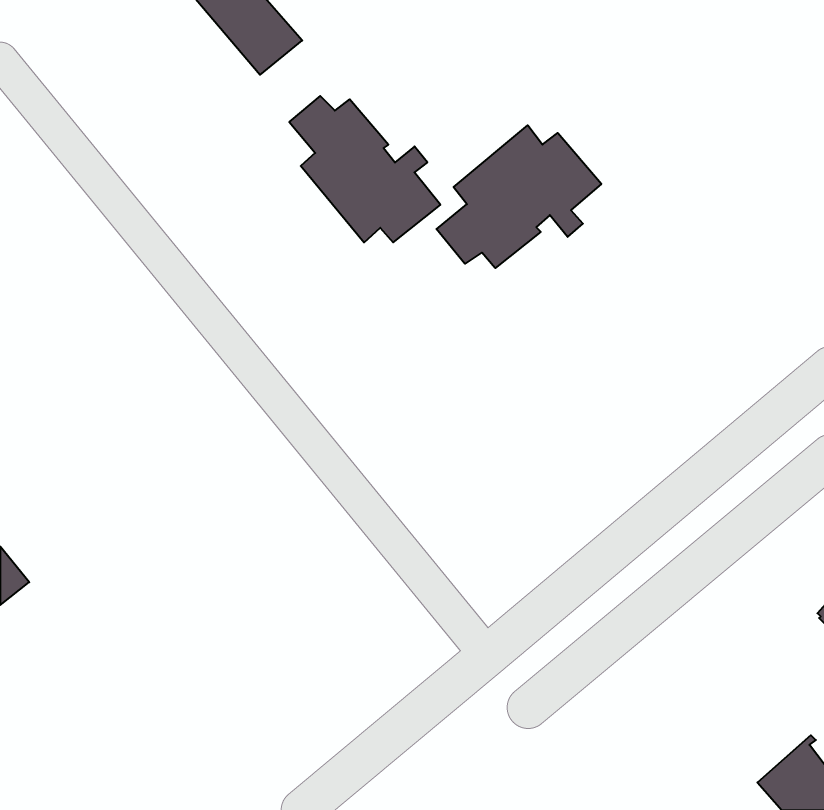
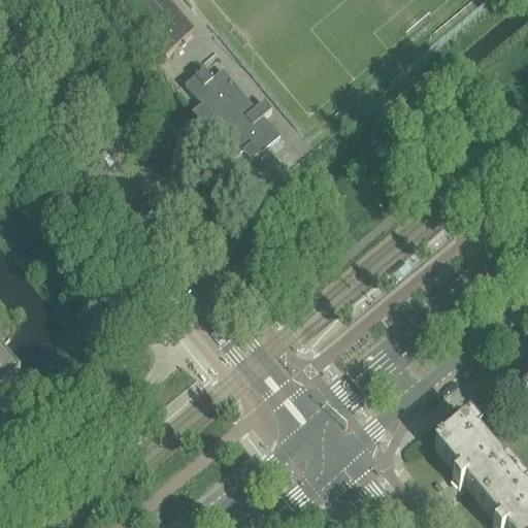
building: [436,125,601,268] -> none
building: none -> [437,410,519,496]

